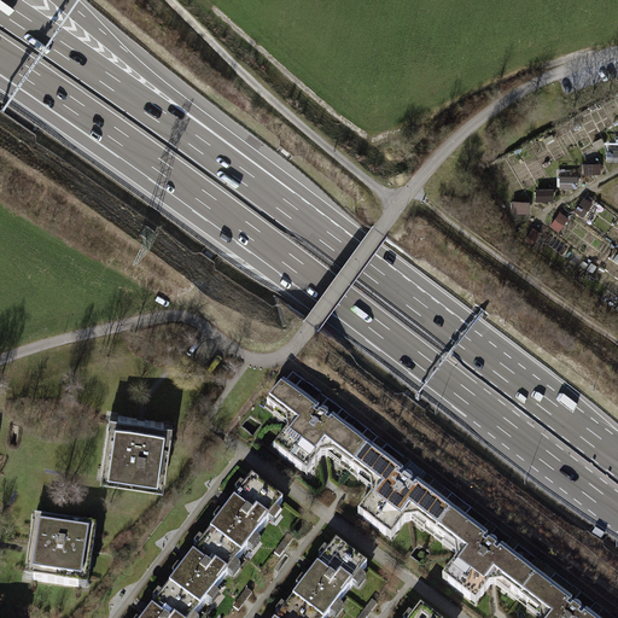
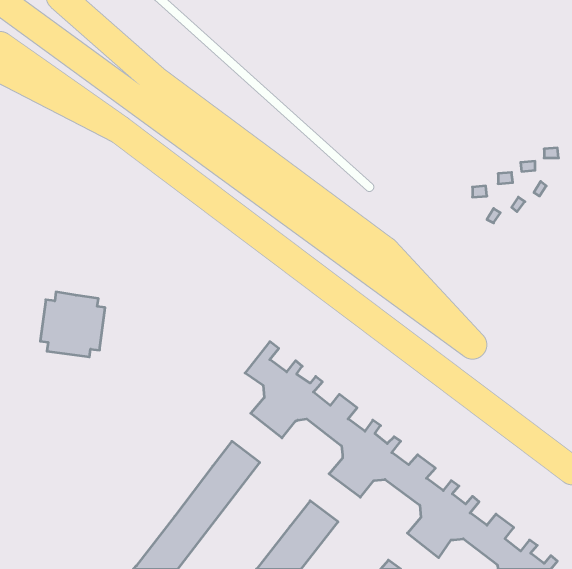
building: [99,412,169,482] -> [40,292,105,357]
building: [23,514,93,583] -> none

